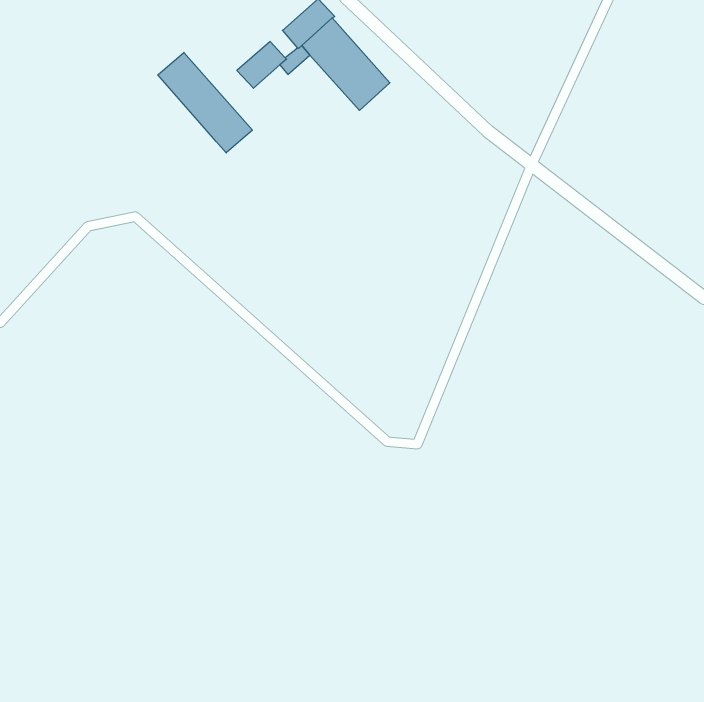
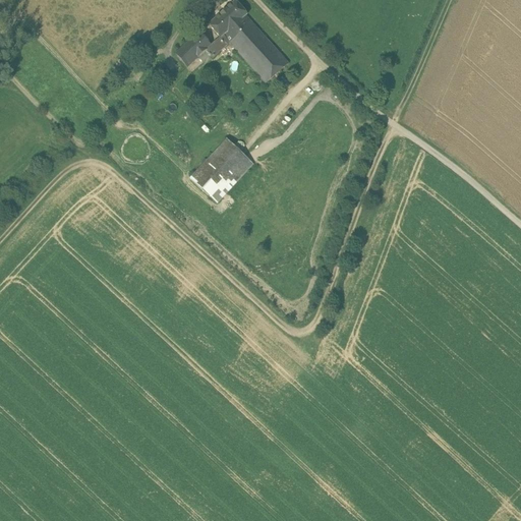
building: [158,52,252,153] -> none
building: none -> [190,137,253,201]

